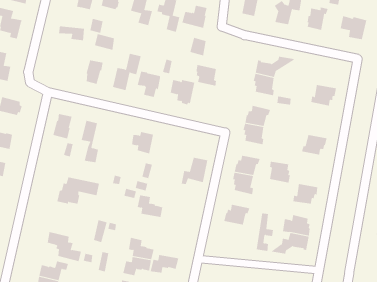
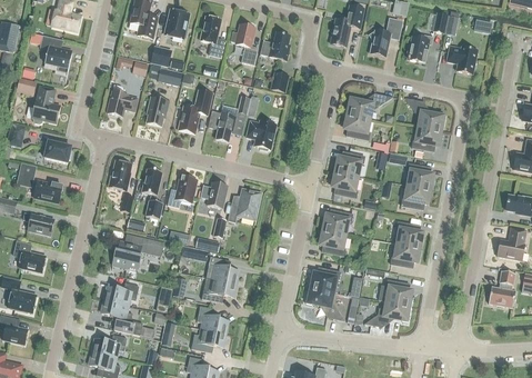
building: none -> [107,83,138,116]
building: none -> [404,97,444,130]
building: [196,64,217,86] -> none
building: none -> [406,162,433,189]
building: none -> [167,176,195,207]
building: [181,157,208,185] -> [228,189,260,221]
building: [269,161,291,183] -> [397,221,422,247]
building: none -> [103,282,139,305]
building: none -> [305,287,344,320]
building: [150,254,179,273] -> [201,278,235,300]

